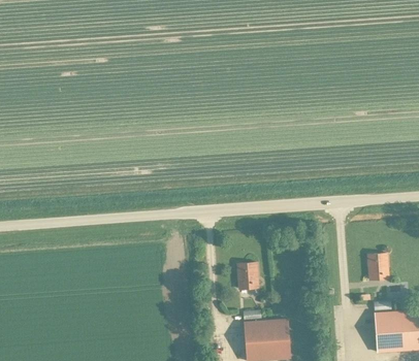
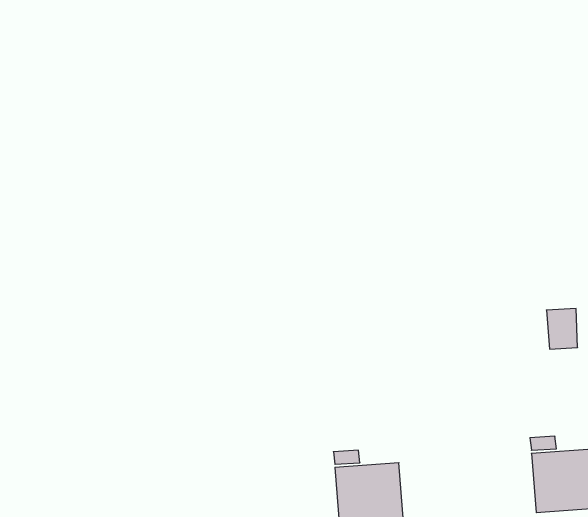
building: [367,253,388,280] -> [546,309,578,349]
building: [237,262,258,289] -> none

